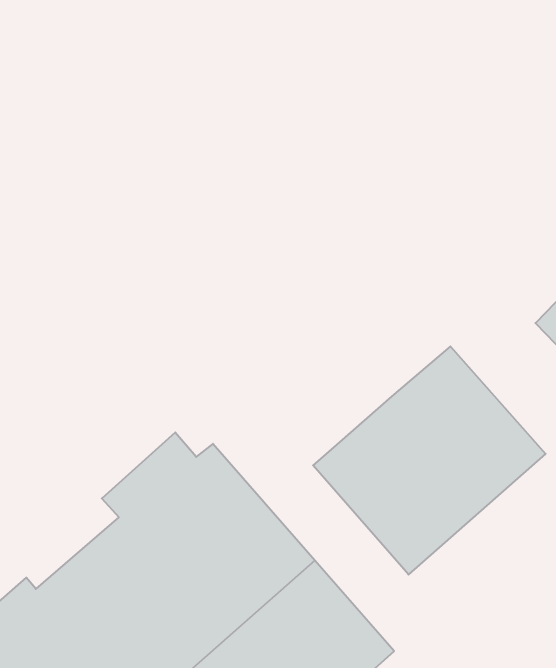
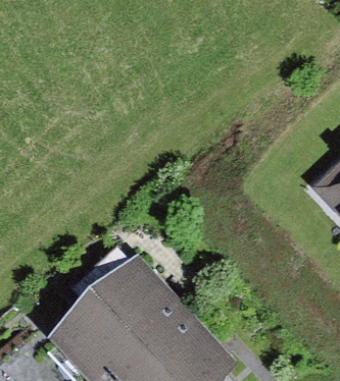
building: [313,346,546,575] -> none

